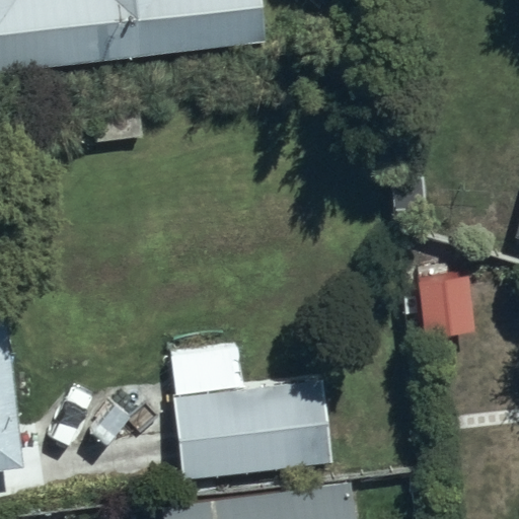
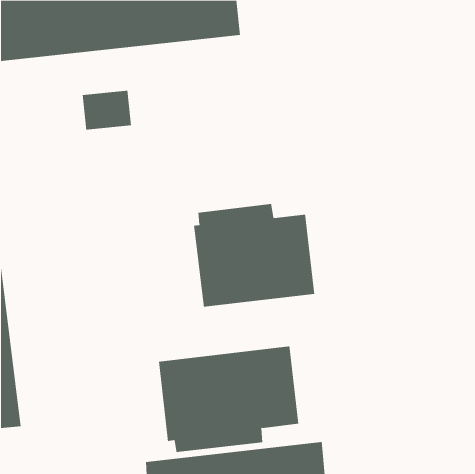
building: none -> [193,203,315,308]

